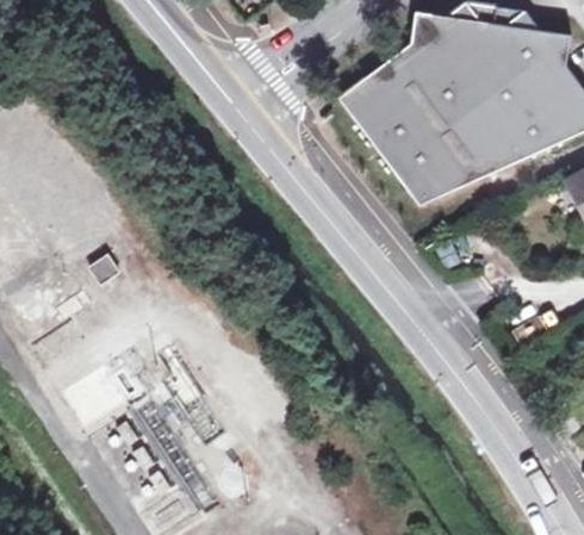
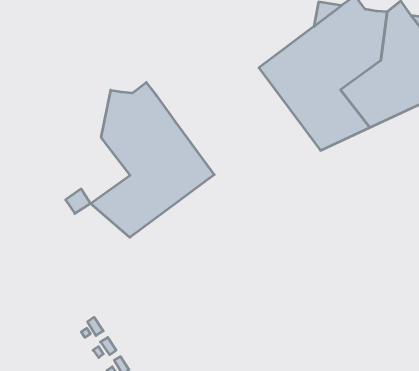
building: none -> [90,82,214,237]

